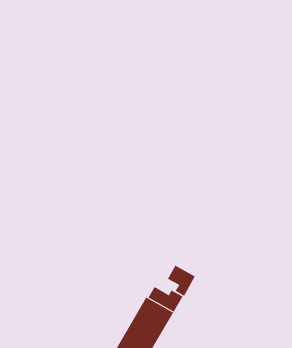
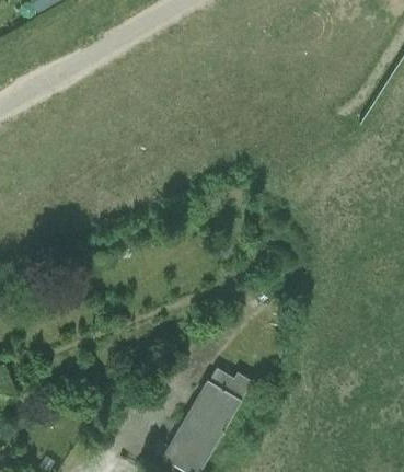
building: [167,265,196,297] -> none

